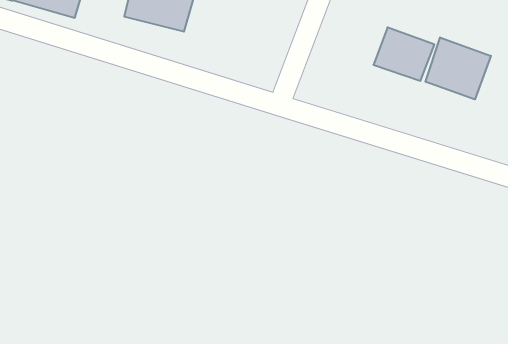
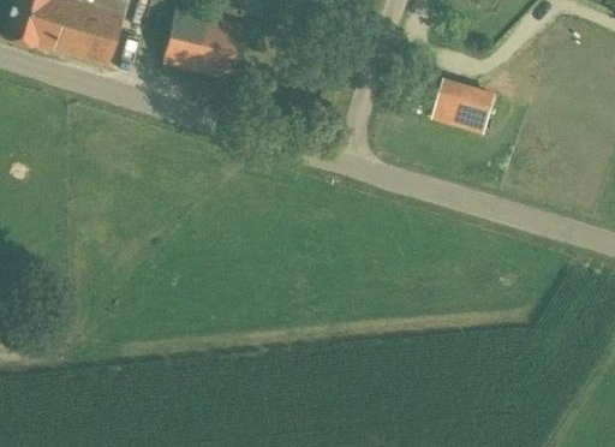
building: [426,37,491,99] -> none

